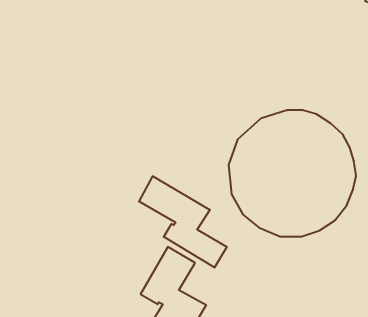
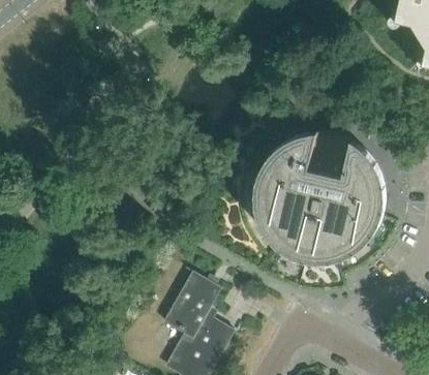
building: [139,176,227,268] -> none

